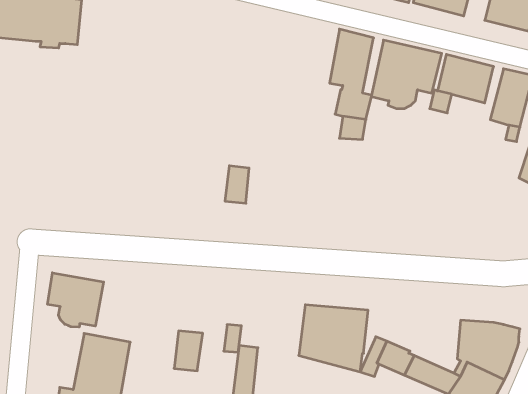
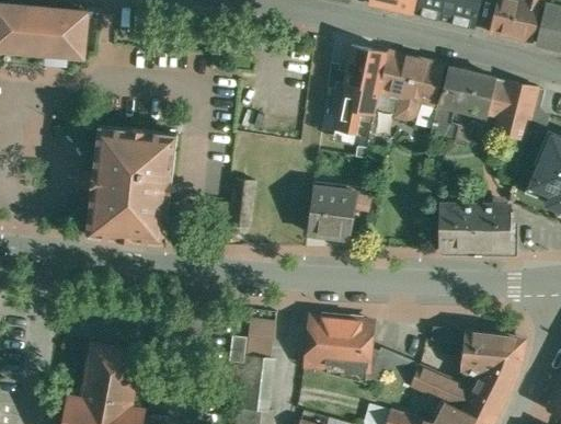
building: none -> [85,126,178,242]
building: none -> [307,187,358,238]
building: none -> [439,204,510,249]
building: [48,273,104,327] -> none
building: [174,331,203,371] -> [247,318,275,357]

